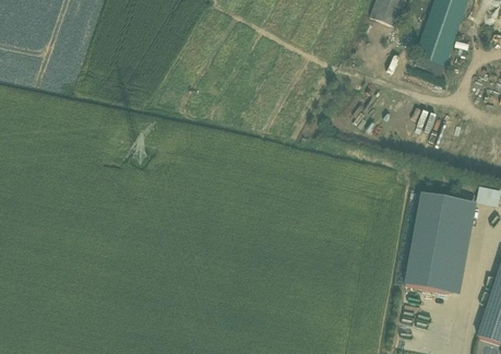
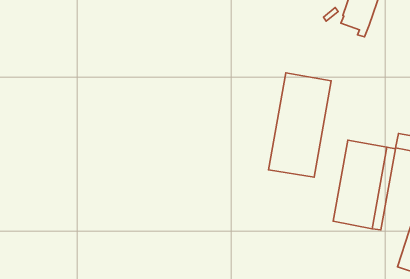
building: none -> [268,73,331,177]

